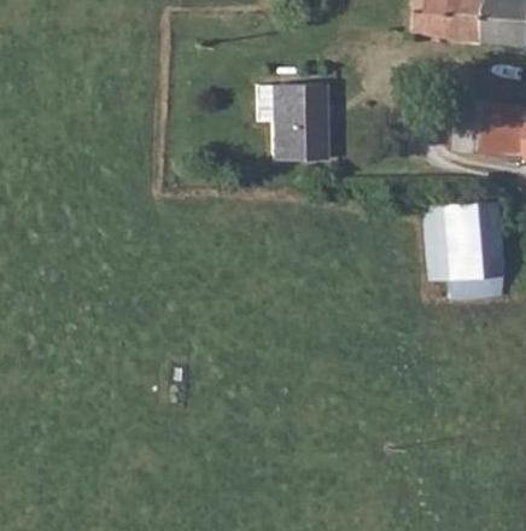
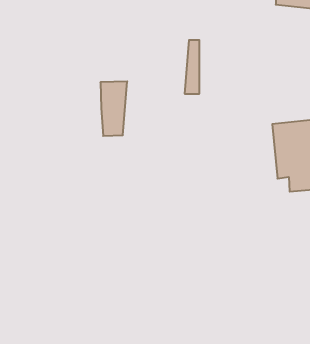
building: [271,84,309,161] -> [100,81,127,136]

